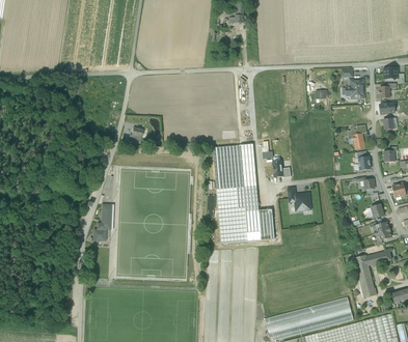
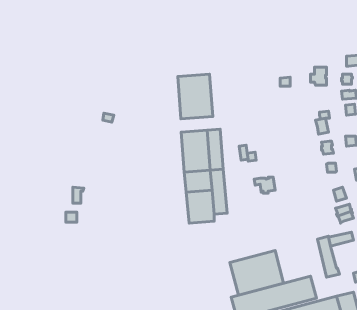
building: none -> [178,74,213,119]
building: none -> [230,251,284,295]

